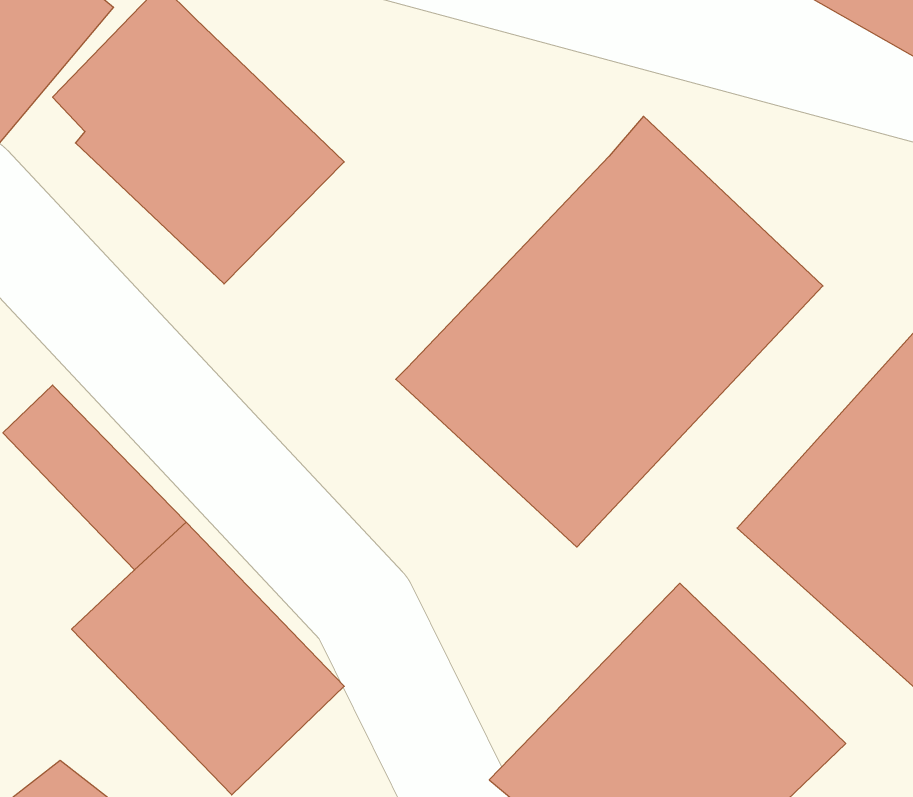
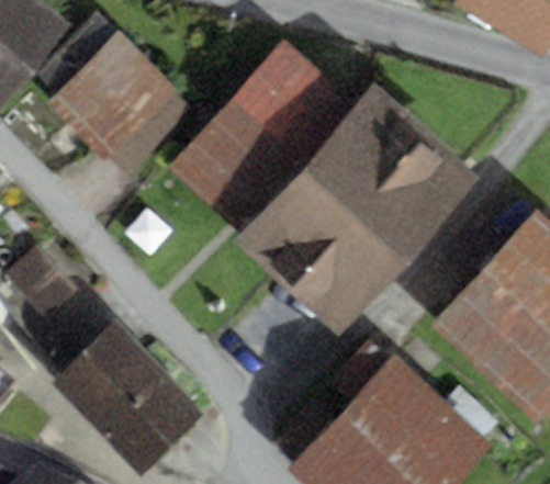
building: none -> [169,41,358,230]

